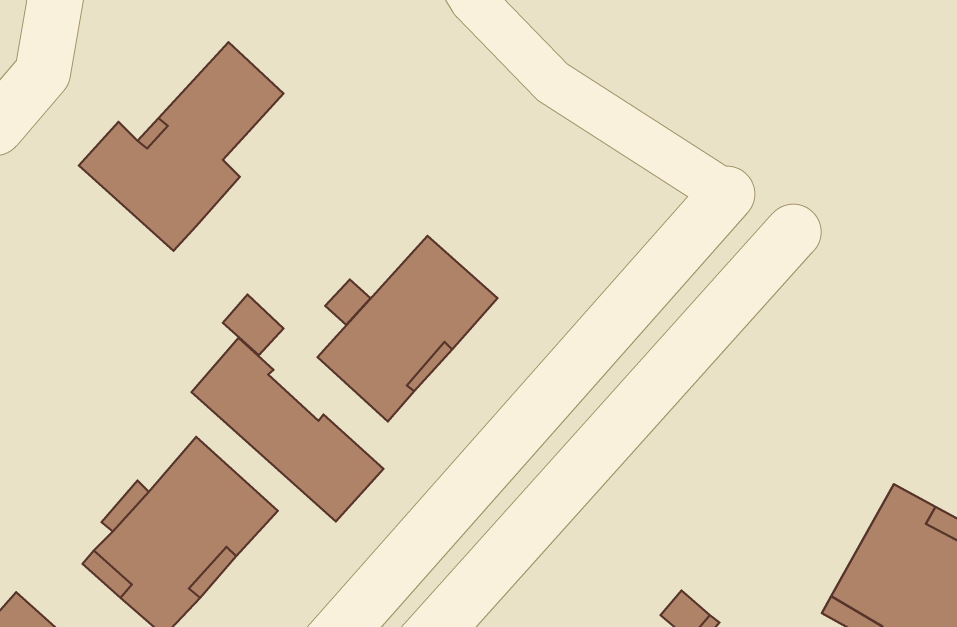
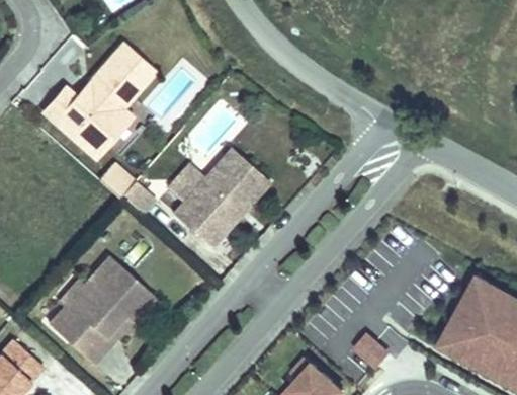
building: [191,338,384,521] -> none

